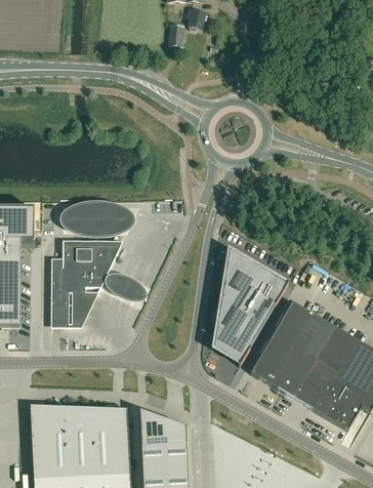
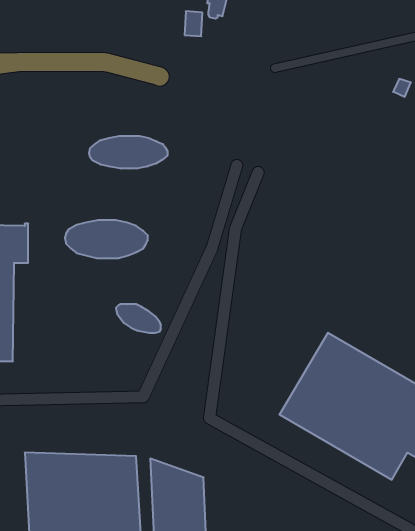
building: none -> [89,136,167,169]
building: [50,239,123,326] -> none
building: [213,257,286,357] -> none

